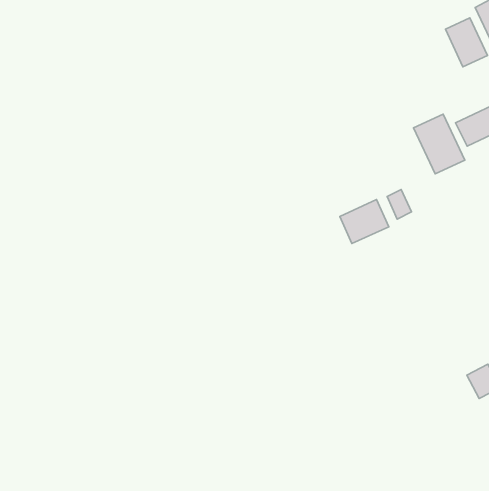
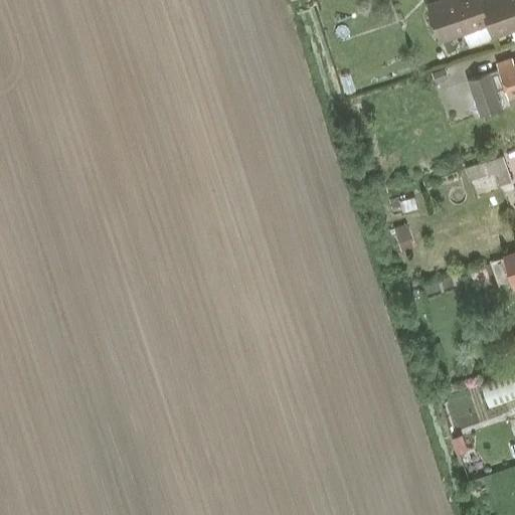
building: [414,114,465,174] -> none
building: [340,200,389,243] -> none

